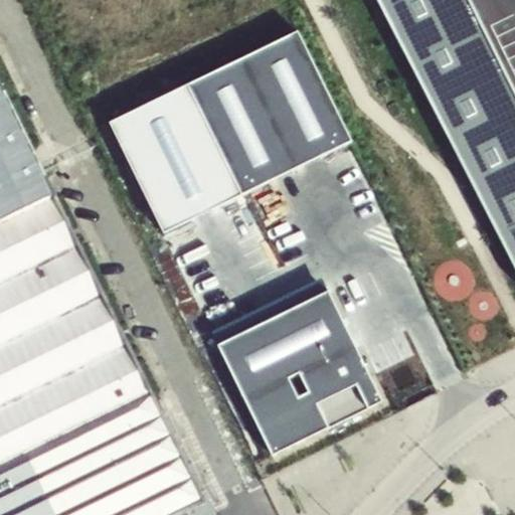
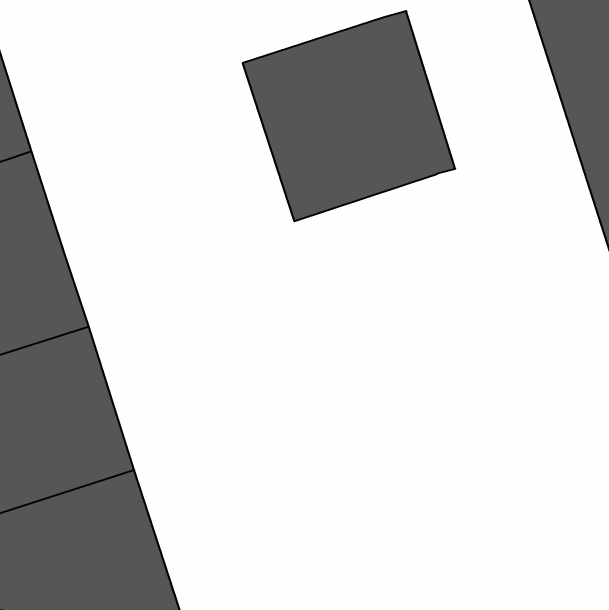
building: [109,84,239,232] -> none
building: [216,291,381,455] -> none

